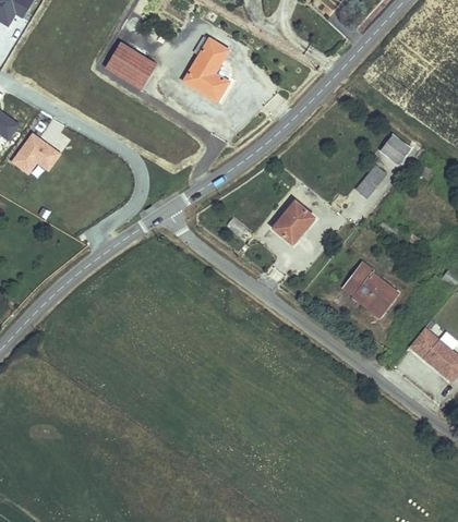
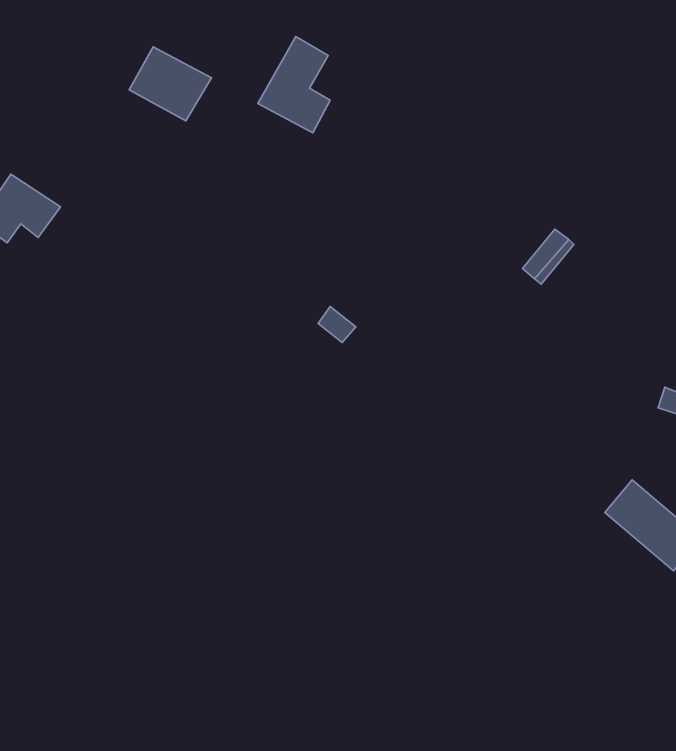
building: [381,135,410,165] -> none
building: [275,202,314,243] -> none
building: [342,260,397,312] -> none

